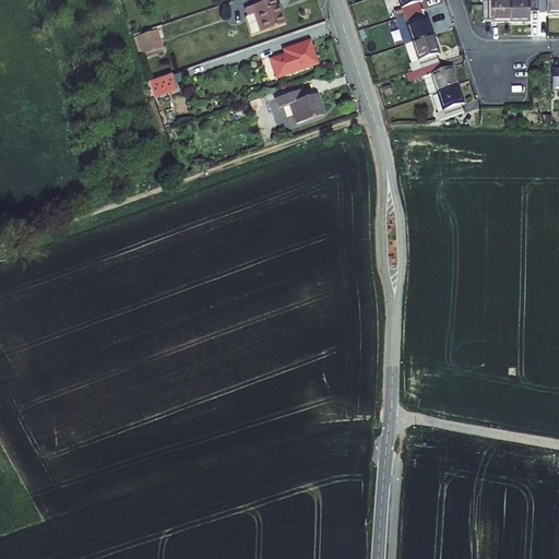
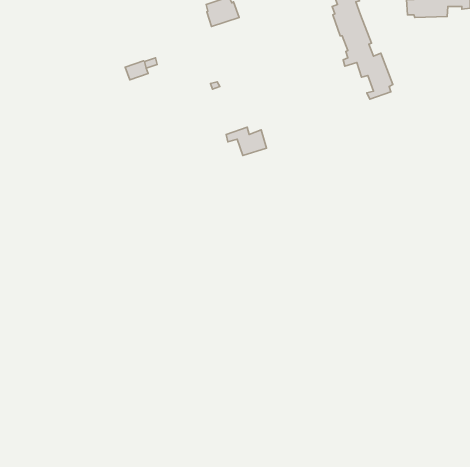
building: [133,27,162,53] -> none
building: [269,38,316,75] -> none
building: [275,87,323,121] -> [226,127,267,156]

